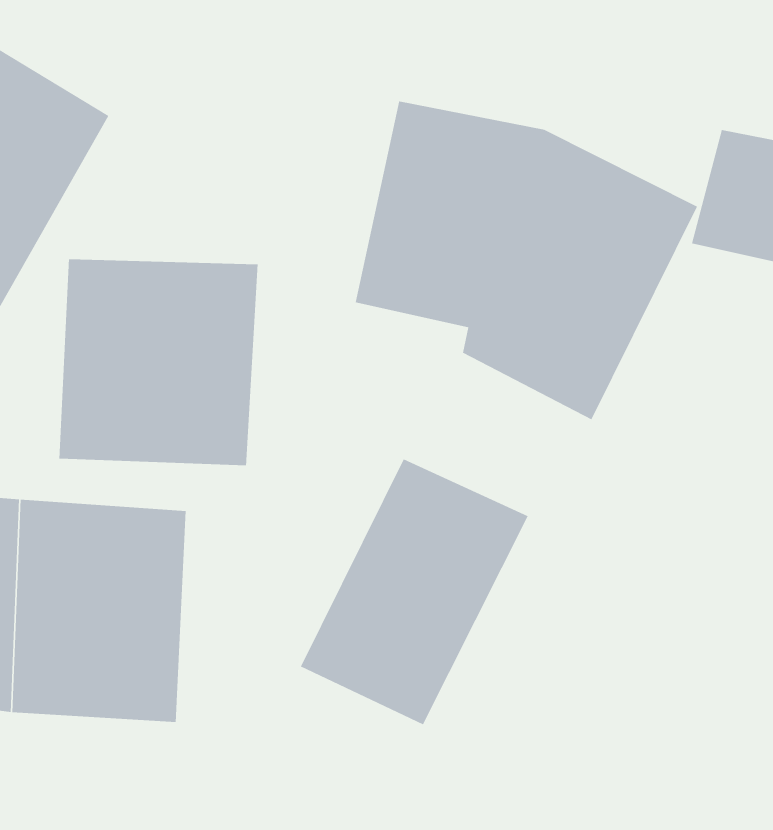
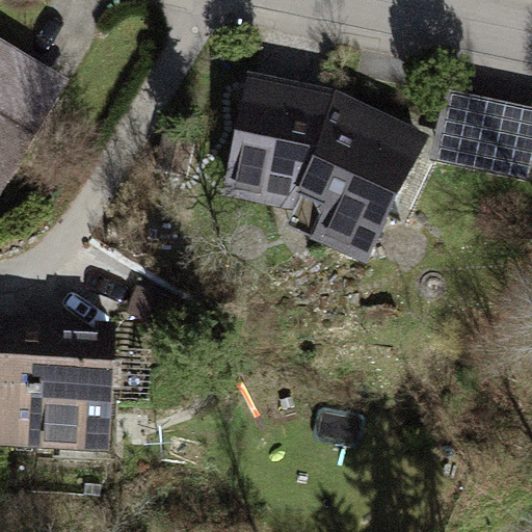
building: [59,258,258,466] -> none
building: [300,459,529,725] -> none

